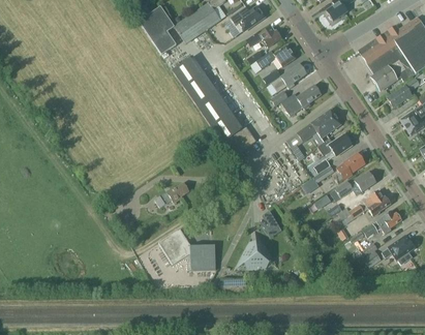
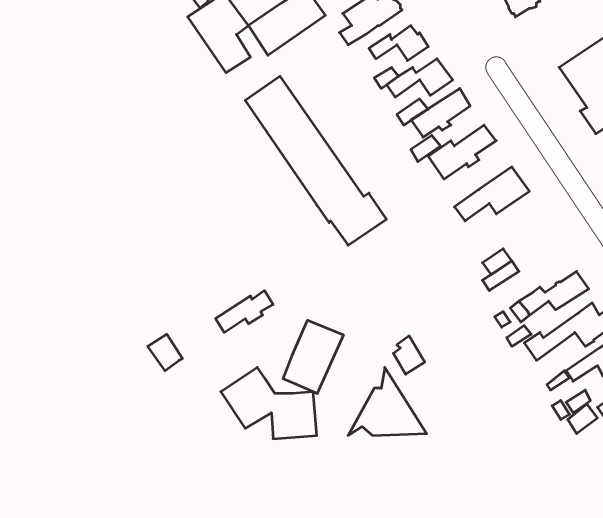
building: [317,133,353,156] -> none
building: [335,153,365,183] -> none
building: none -> [283,320,343,394]

